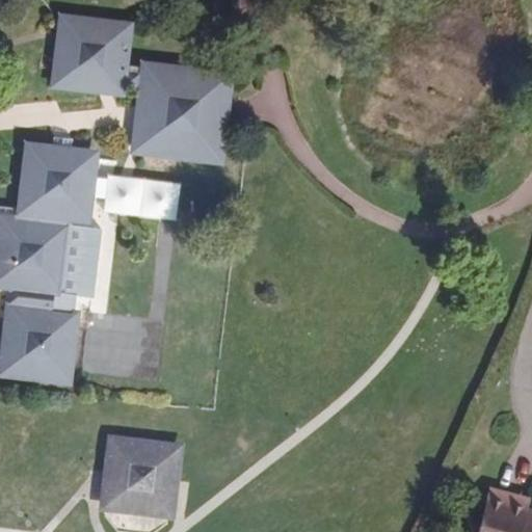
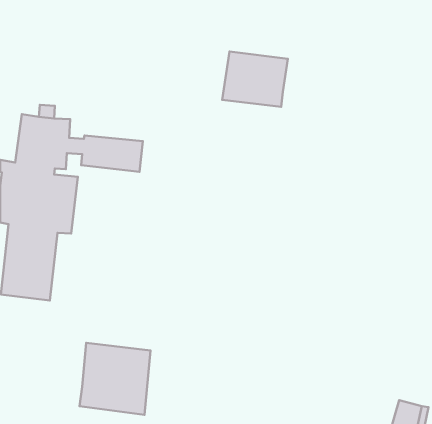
building: [51,25,225,162] -> none
building: none -> [222,51,288,107]

